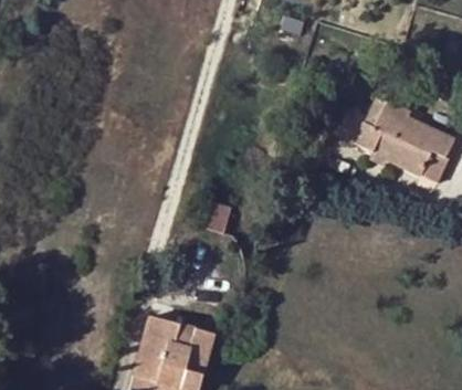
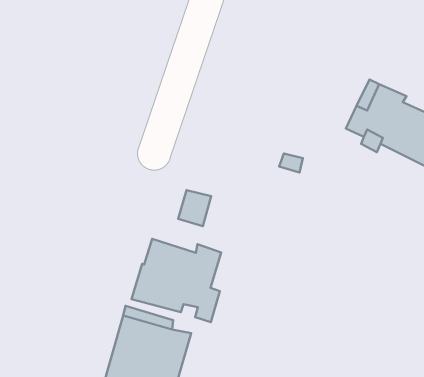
building: none -> [131,239,221,322]

